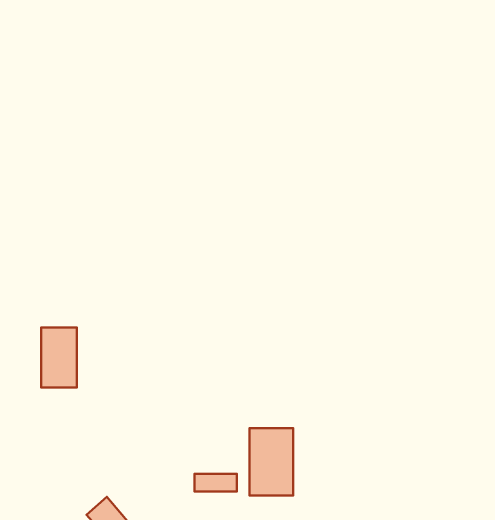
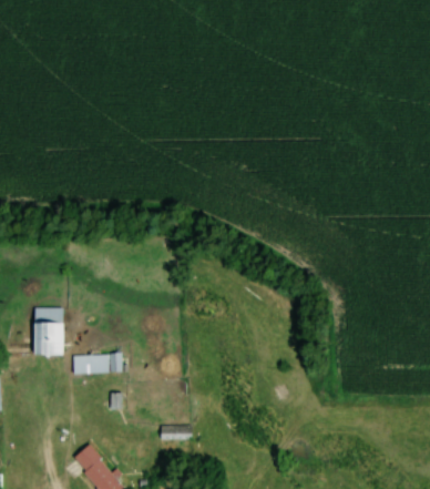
building: none -> [72,355,121,374]
building: [249,428,293,495] -> none

